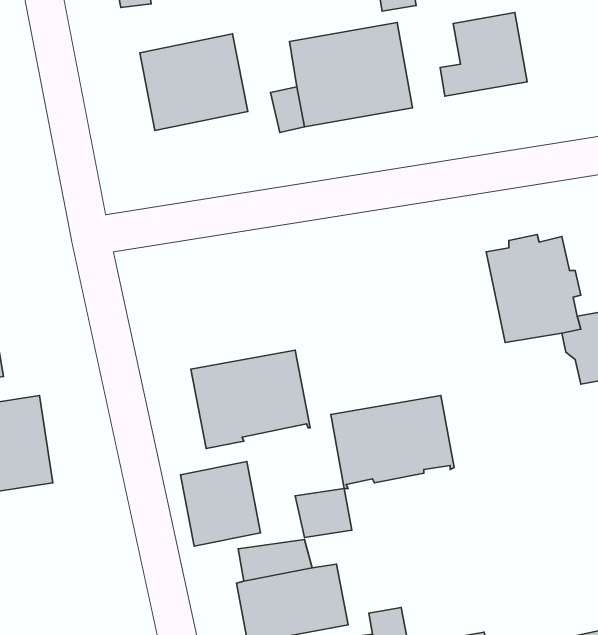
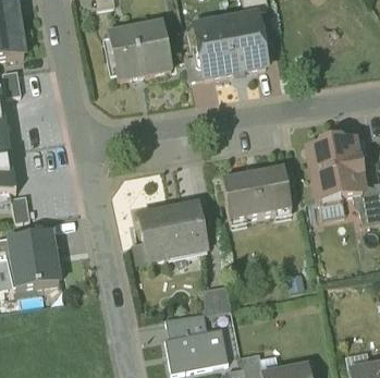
building: [440,13,527,96] -> none
building: [331,396,454,488] -> [222,166,293,219]
building: [181,462,260,546] -> none

